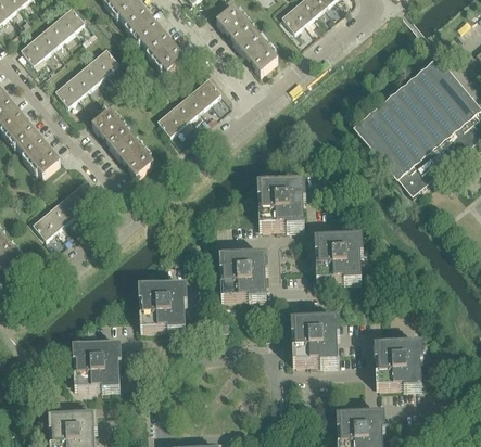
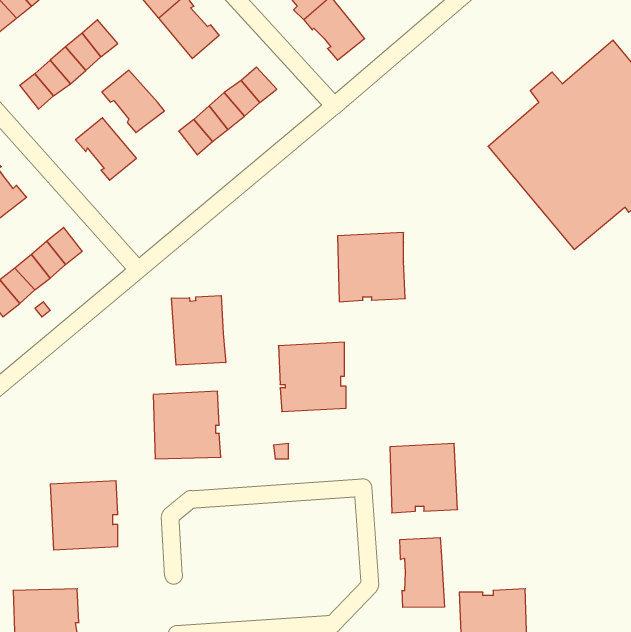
building: [114,137,154,177] -> [102,70,164,133]
building: none -> [172,296,226,365]
building: [317,237,362,281] -> none
building: [377,344,421,387] -> none
building: none -> [400,538,444,607]

